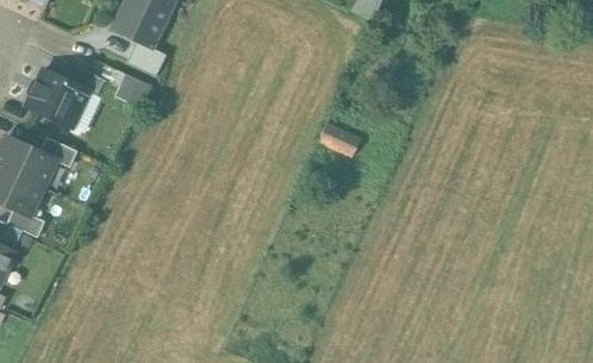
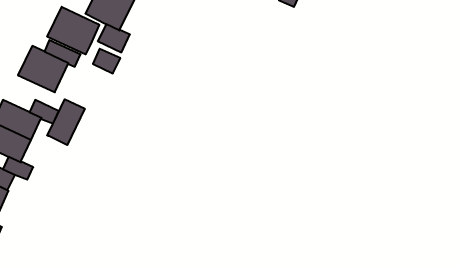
building: none -> [47,7,99,54]
building: [319,123,361,156] -> none
building: none -> [47,99,85,145]

